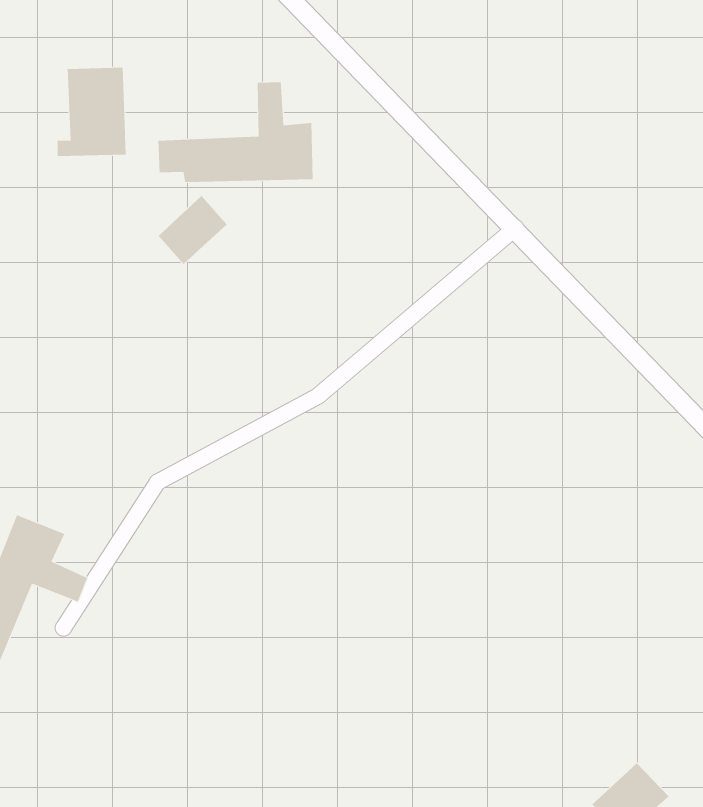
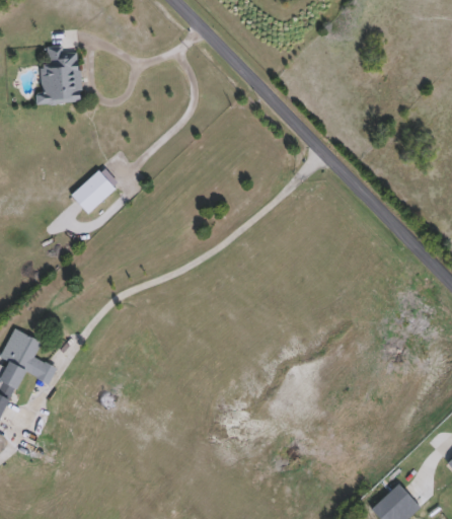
building: [158,82,313,183] -> none
building: [158,195,227,265] -> [71,169,115,213]

